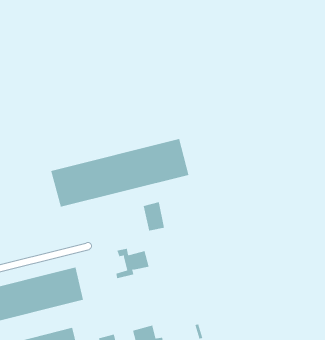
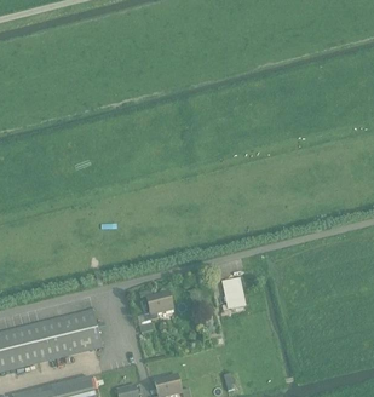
building: [50,138,189,208] -> none
building: [143,201,165,231] -> [220,275,244,307]

